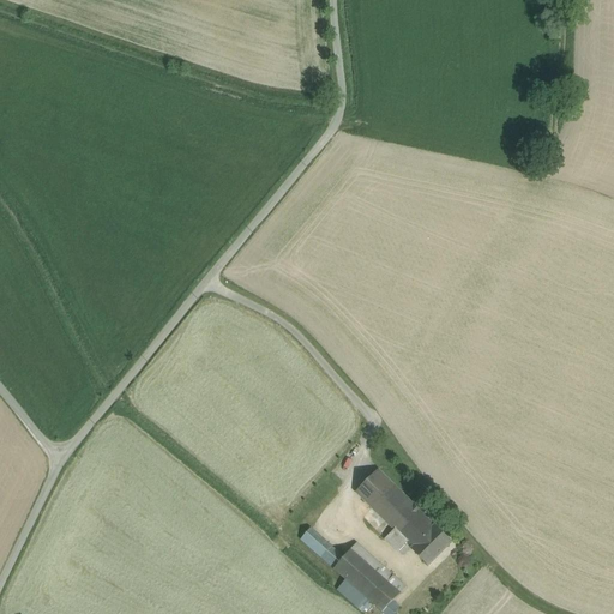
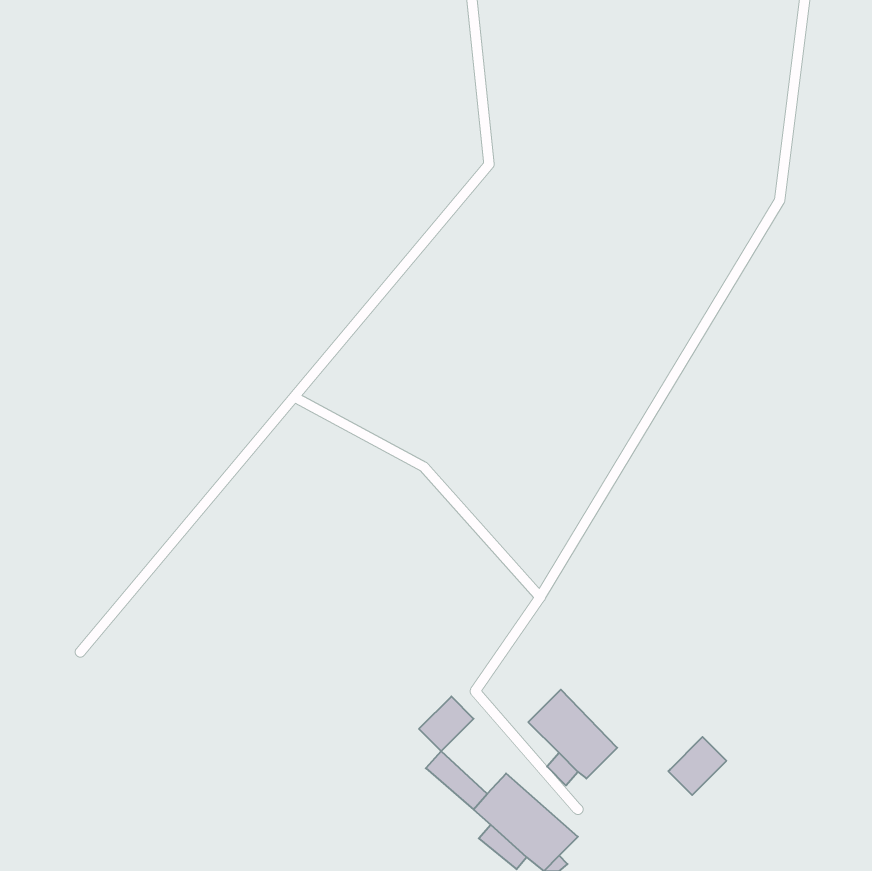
building: [355,468,393,506] -> [419,696,474,751]
building: [410,523,451,564] -> [668,737,726,795]

